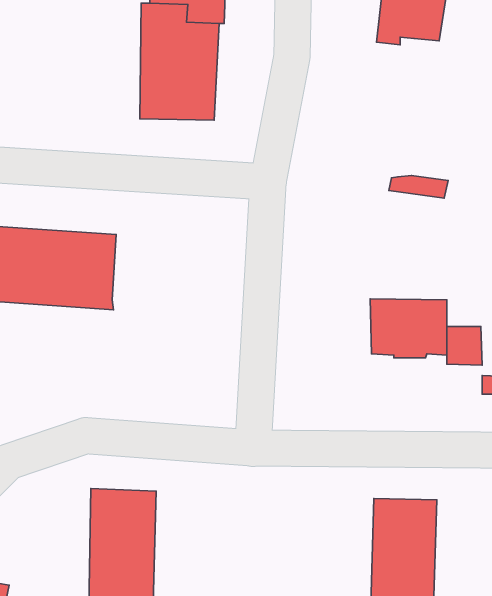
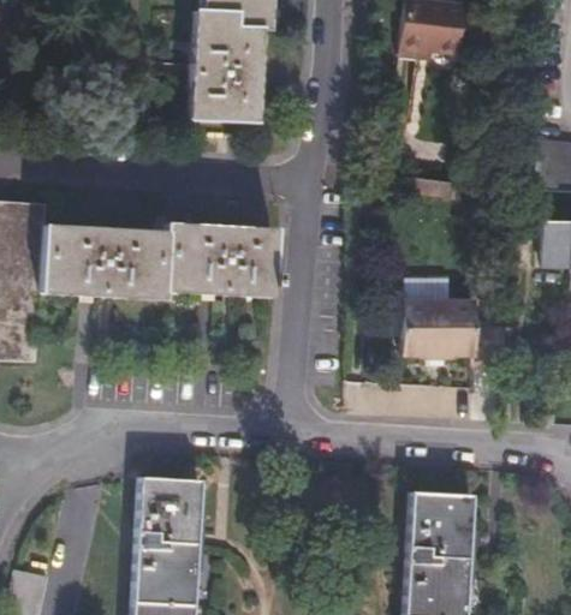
building: none -> [160,225,275,301]

